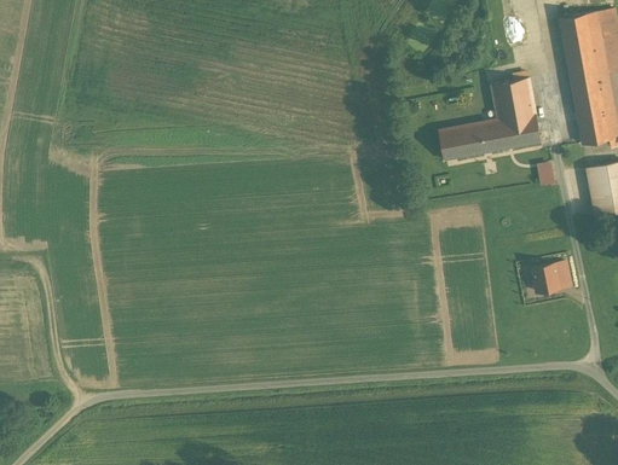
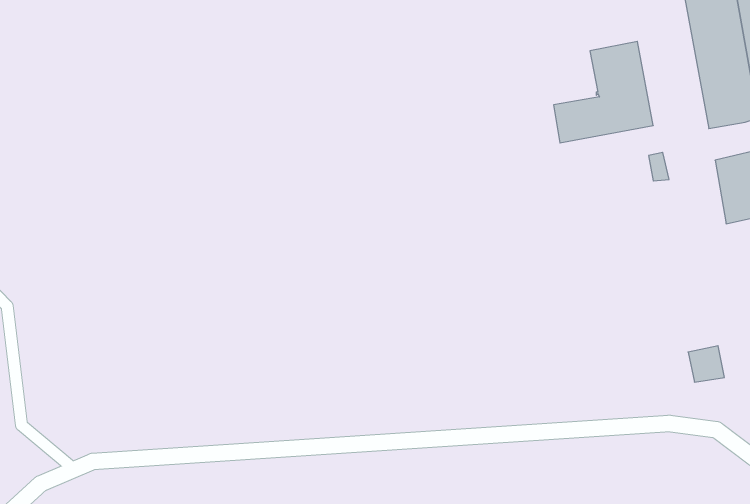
building: [441,126,470,158] -> none
building: [535,263,562,291] -> [688,346,724,382]

